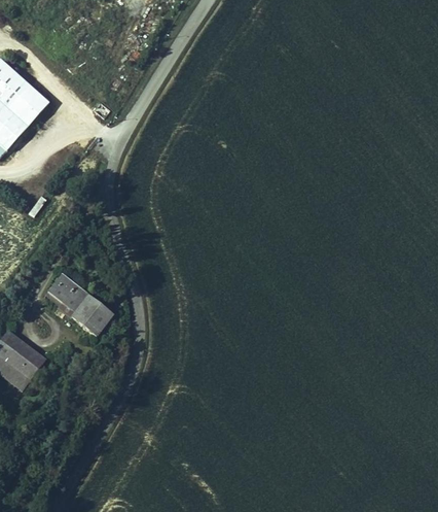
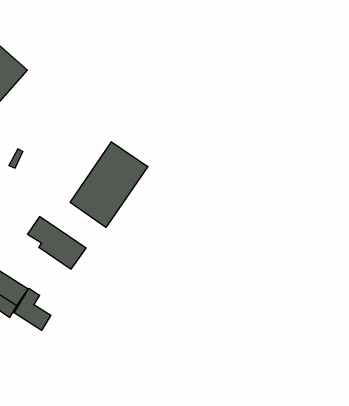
building: none -> [70,142,148,227]
building: none -> [14,288,51,330]

